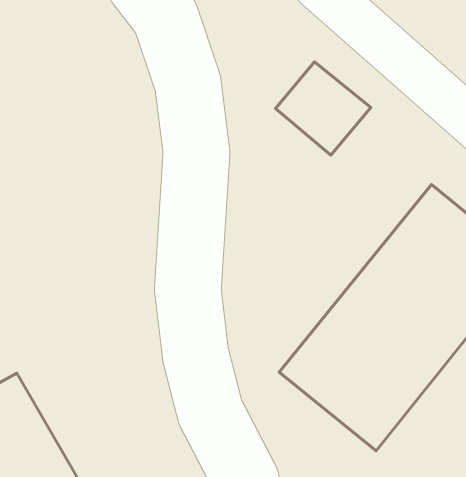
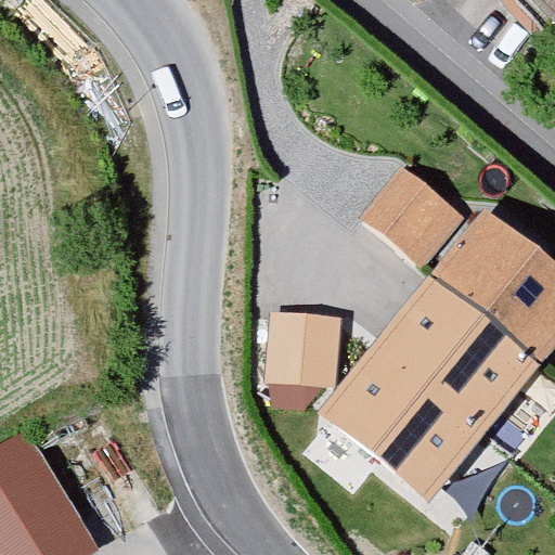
building: [276,62,371,155] -> [357,160,463,264]
building: none -> [261,307,341,384]

